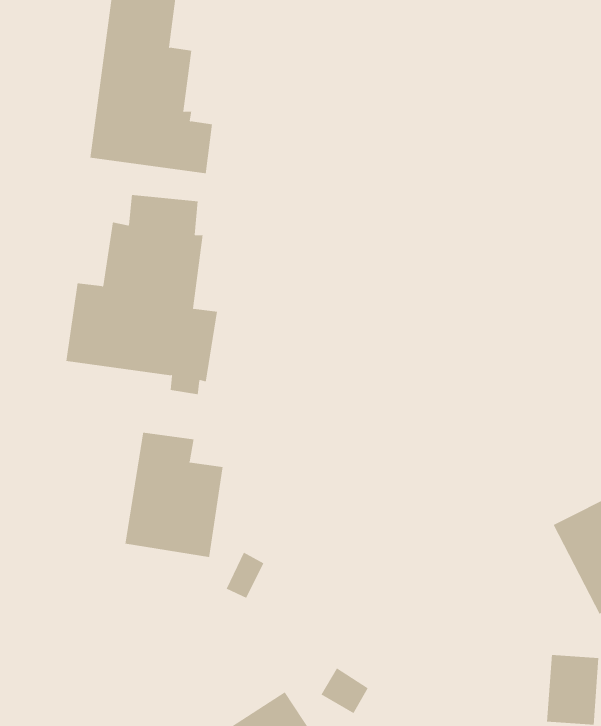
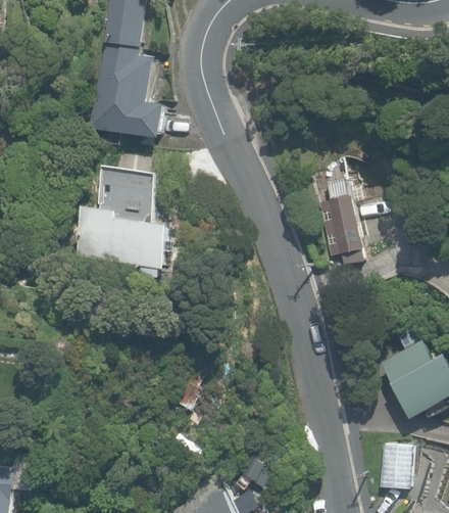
building: none -> [318,177,364,266]
building: [125,432,223,558] -> none

